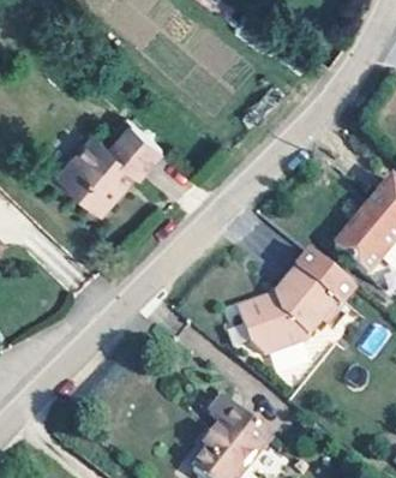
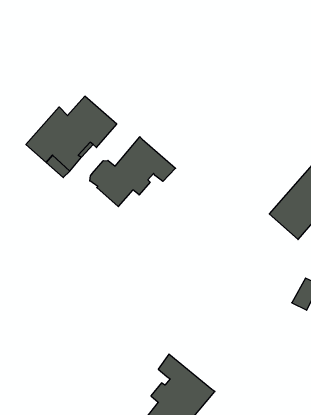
building: none -> [90,137,176,207]
building: [233,246,352,351] -> none

